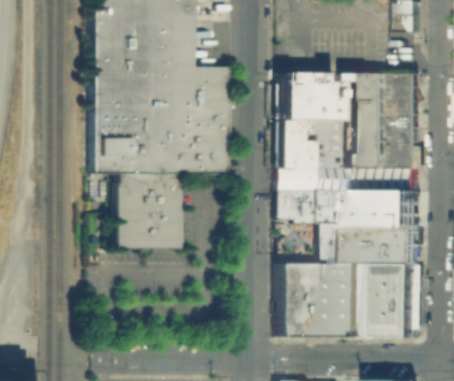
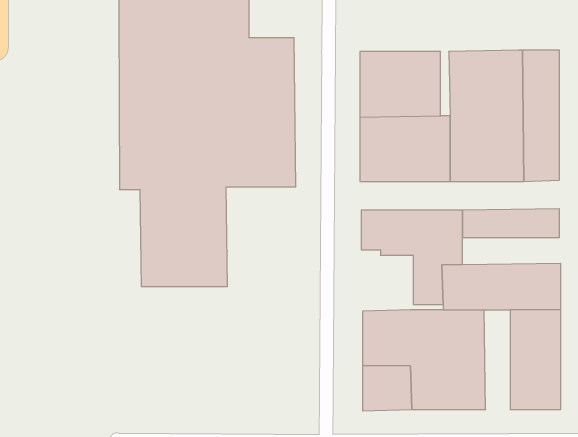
building: [273,167,420,189] -> none
building: [348,209,421,229] -> none
building: [364,262,384,336] -> none

